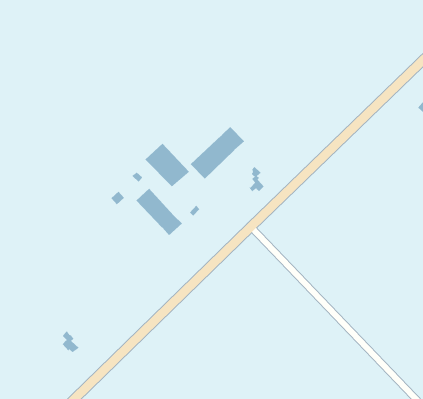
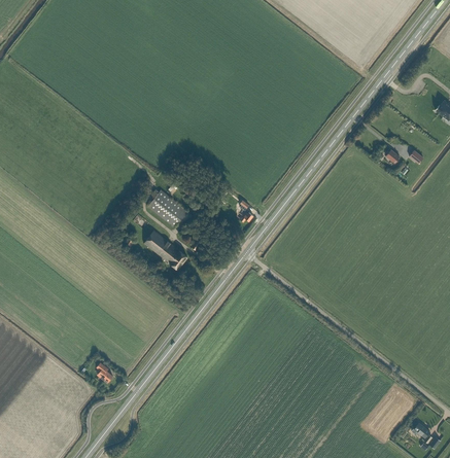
building: [190,126,245,180] -> none

